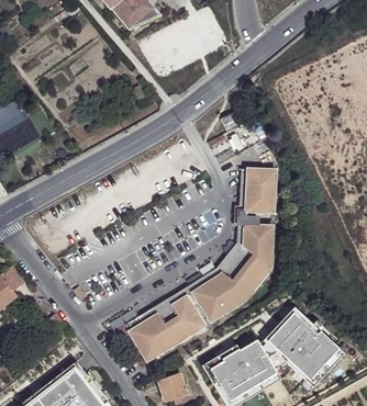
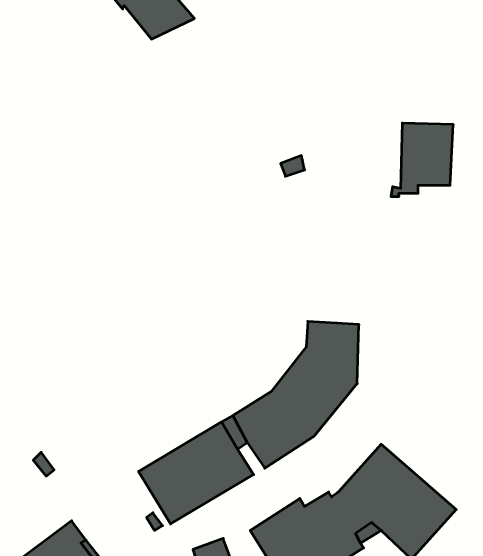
building: [234,167,277,217] -> [391,123,453,196]

